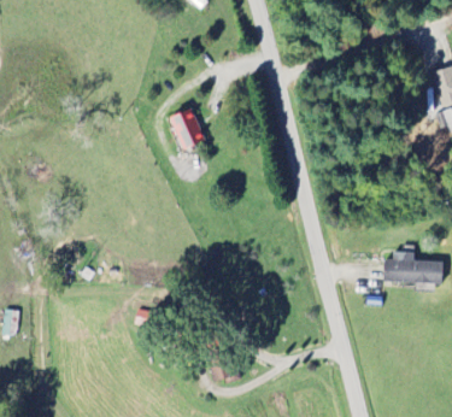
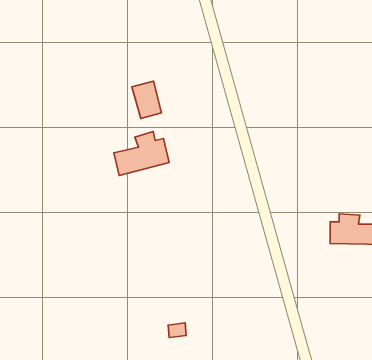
building: none -> [114,132,169,176]

